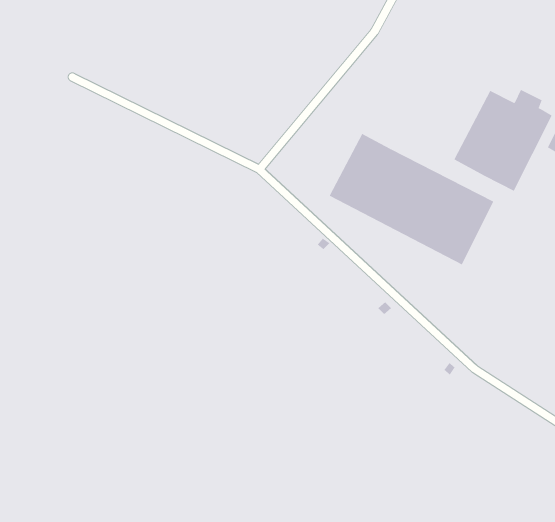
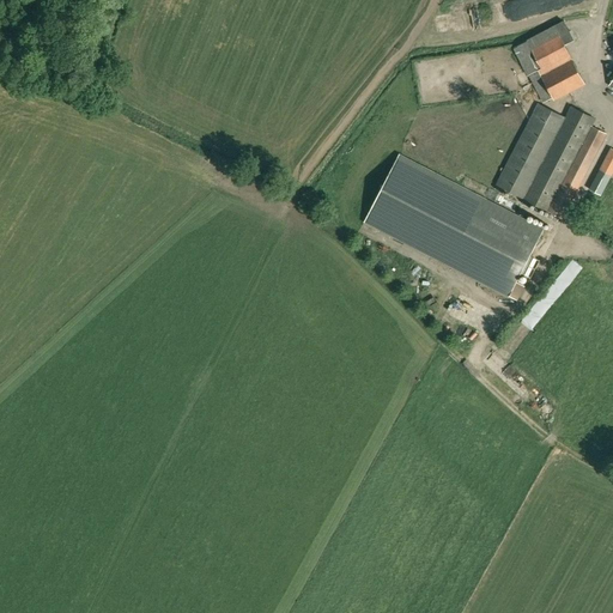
building: none -> [514,19,584,101]

